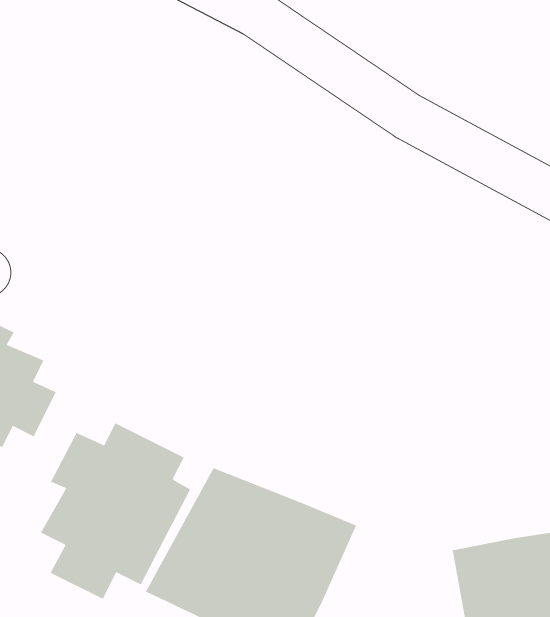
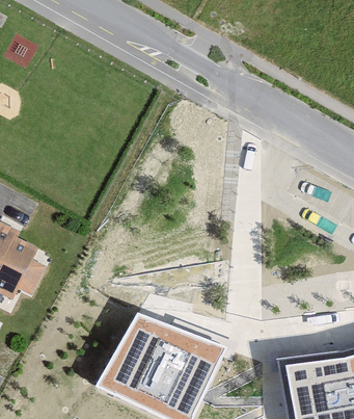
building: [40,422,191,600] -> none

